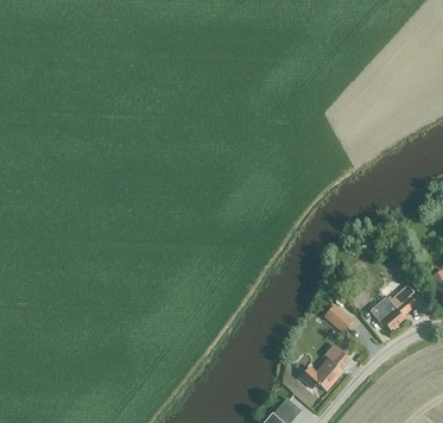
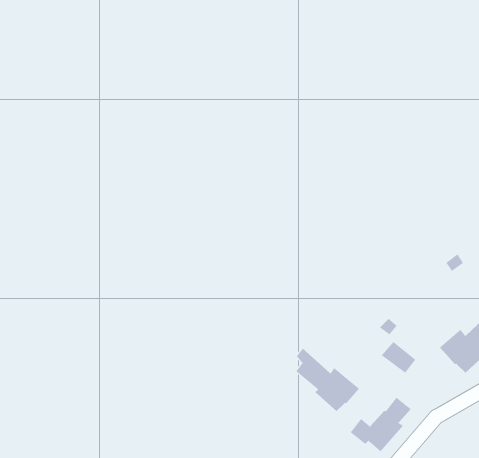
building: none -> [295,348,360,412]

